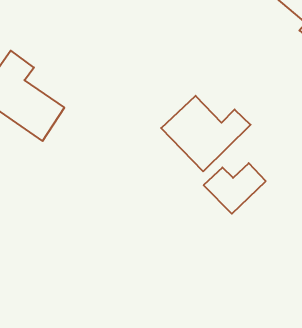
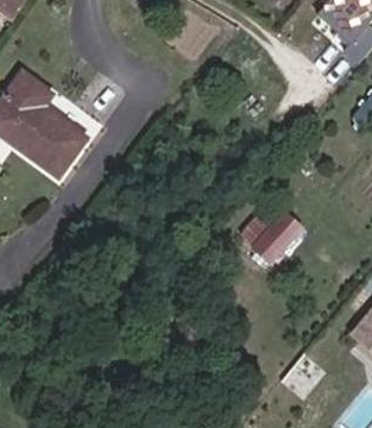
building: [161,96,251,171] -> none

